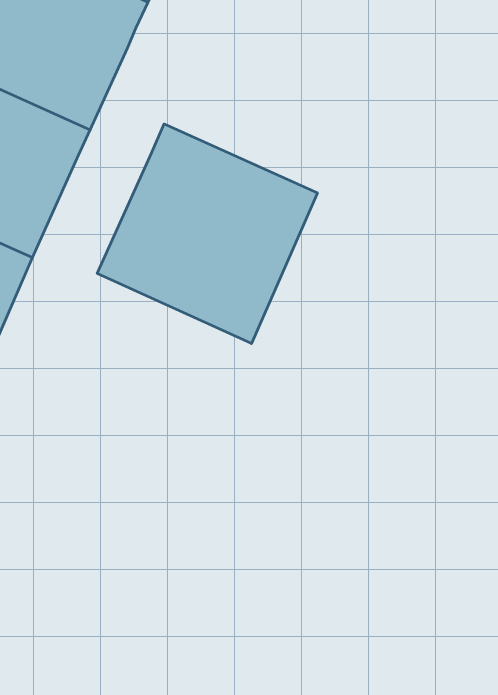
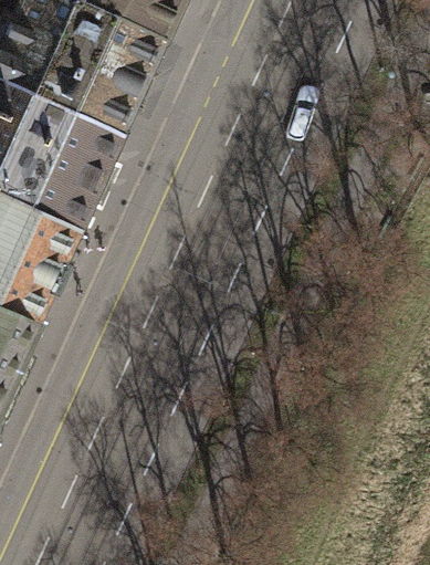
building: [97,124,317,344] -> none

